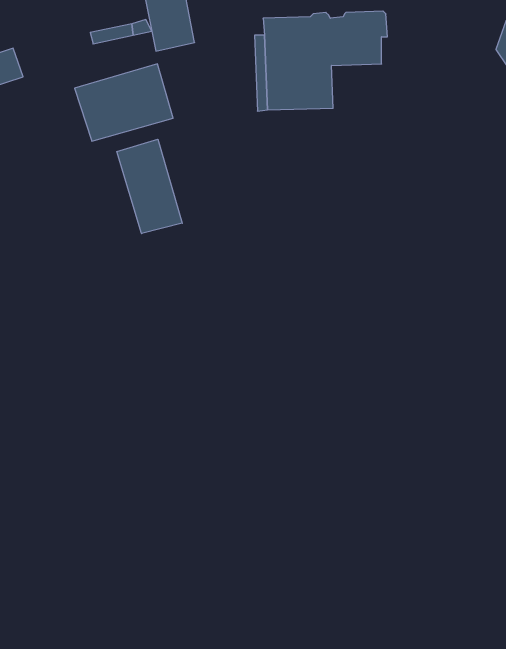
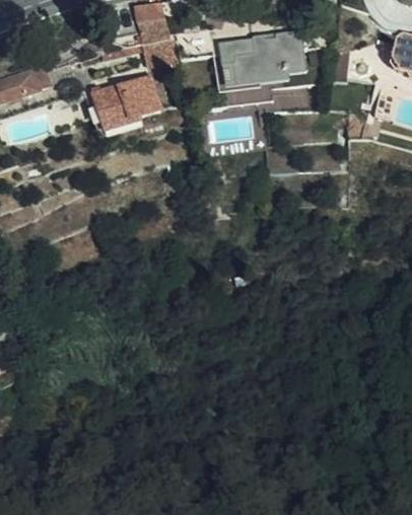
building: [117,139,182,234] -> none

